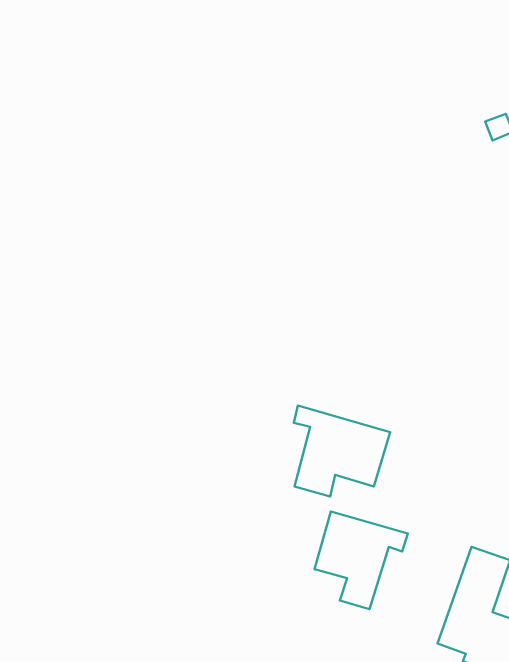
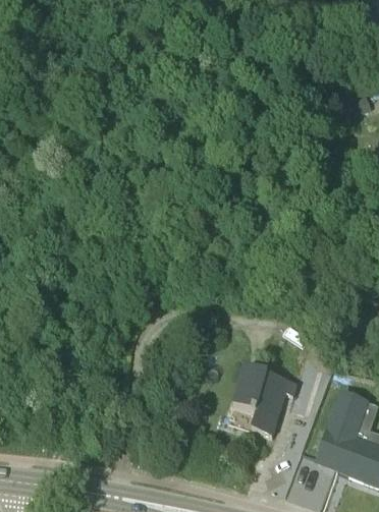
building: [294,405,390,497] -> none

